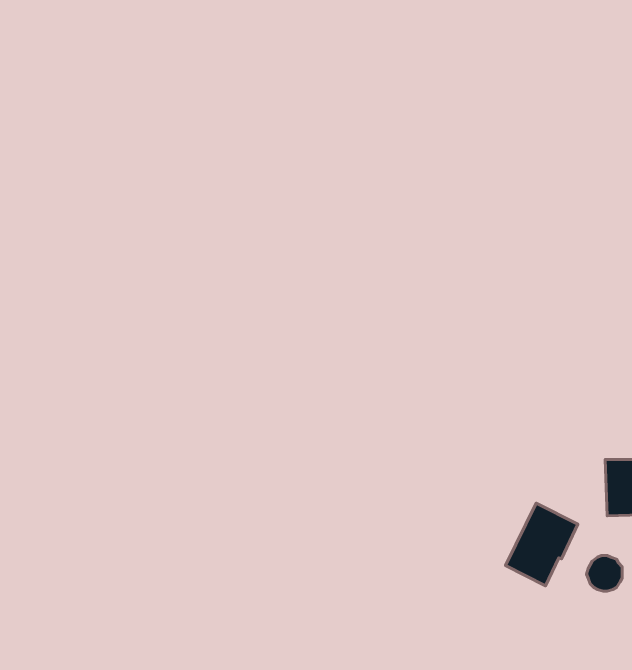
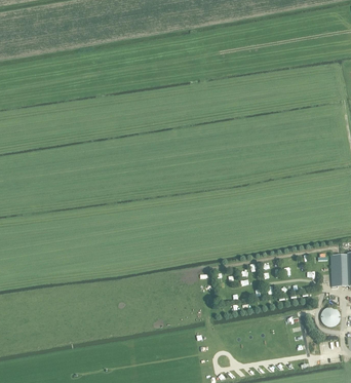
building: [505,503,578,586] -> none

